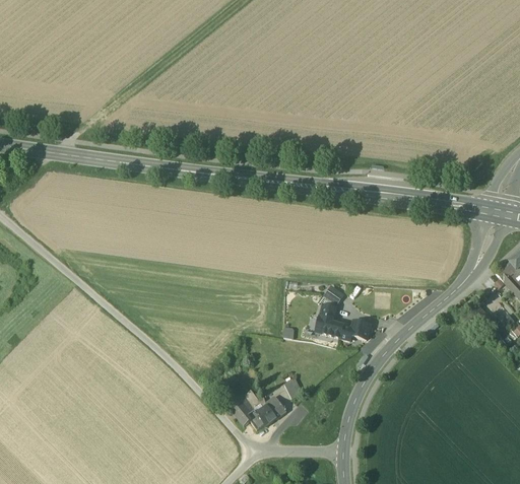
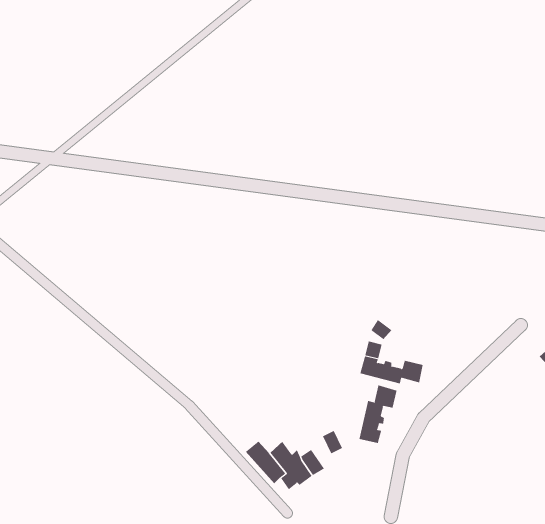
building: none -> [359,385,397,444]

